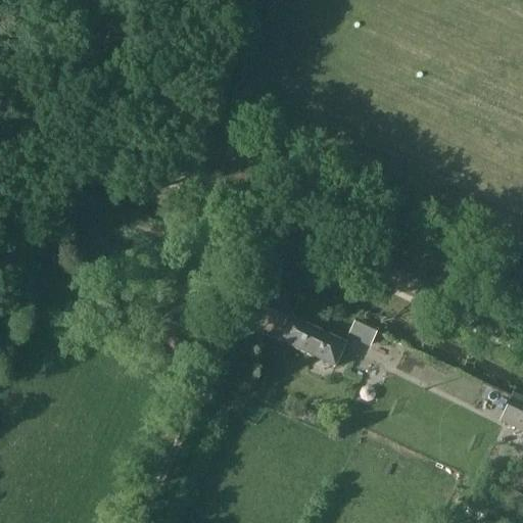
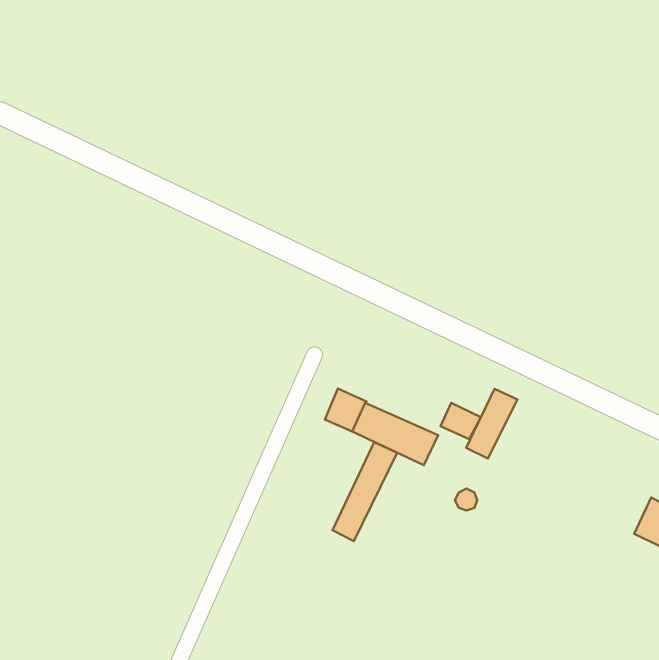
building: none -> [466,389,518,459]
building: none -> [332,442,397,541]

